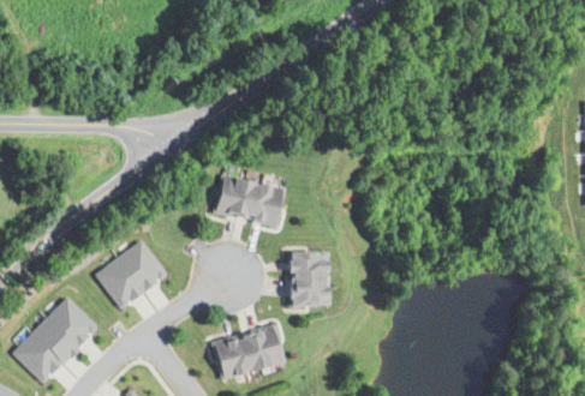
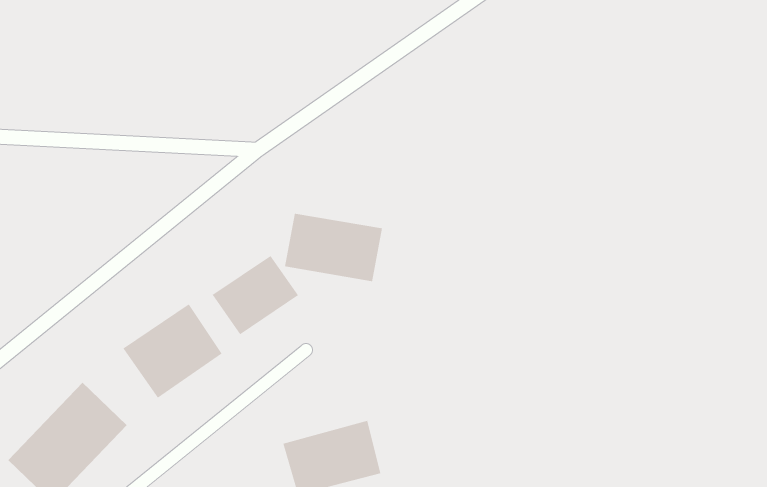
building: none -> [212,255,299,335]
building: [288,251,327,306] -> none

